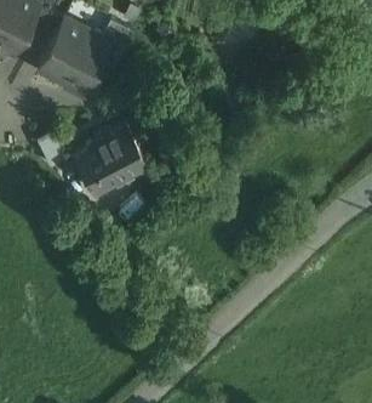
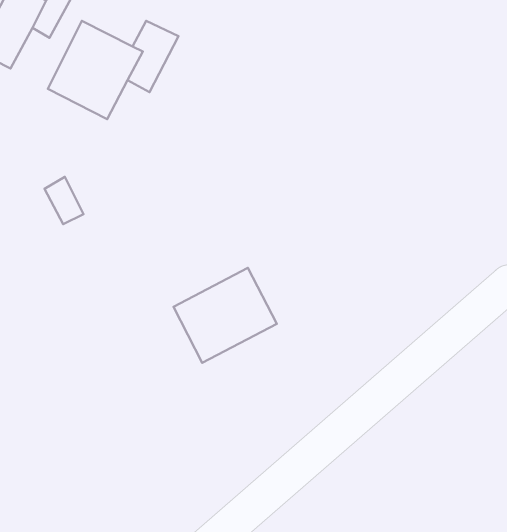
building: [75,124,149,192] -> [173,268,277,363]

